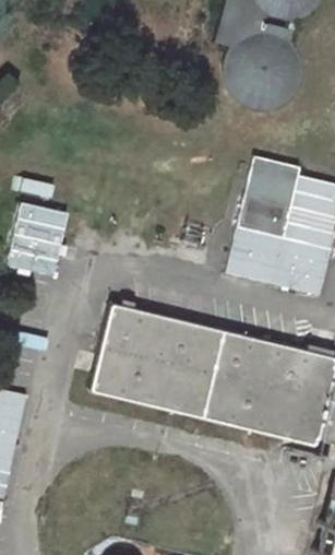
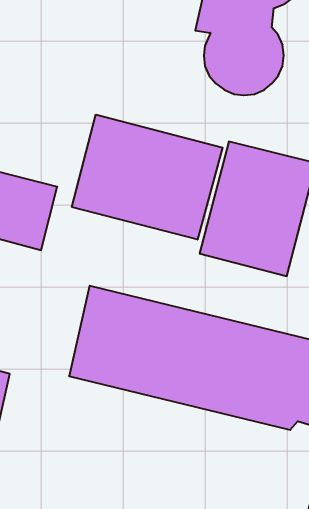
building: none -> [72,115,223,240]

